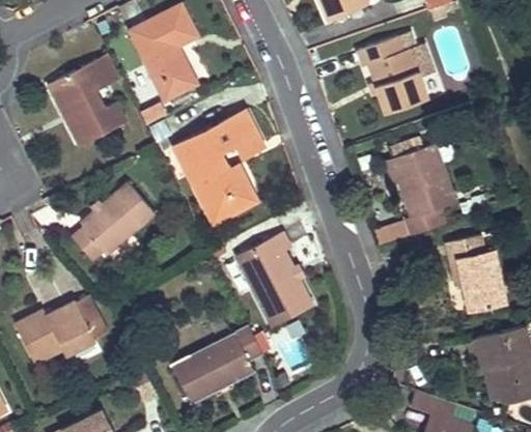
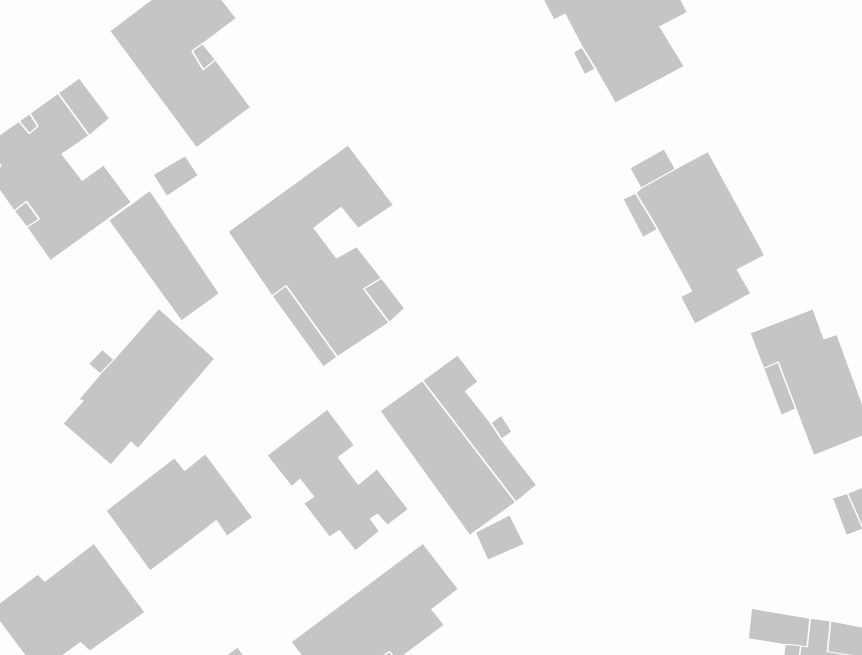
building: none -> [108,190,220,321]
building: none -> [267,409,408,551]
building: none -> [106,454,253,571]

